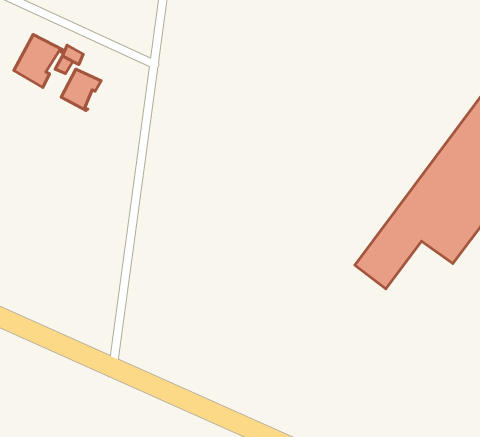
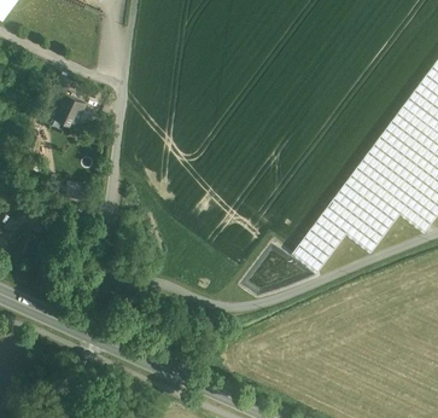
building: [14,34,63,88] -> none

